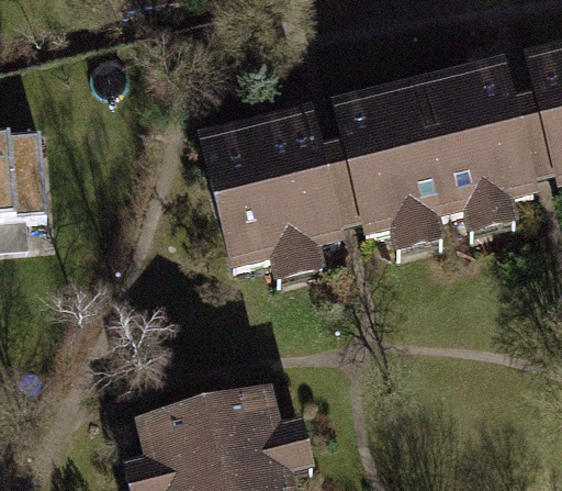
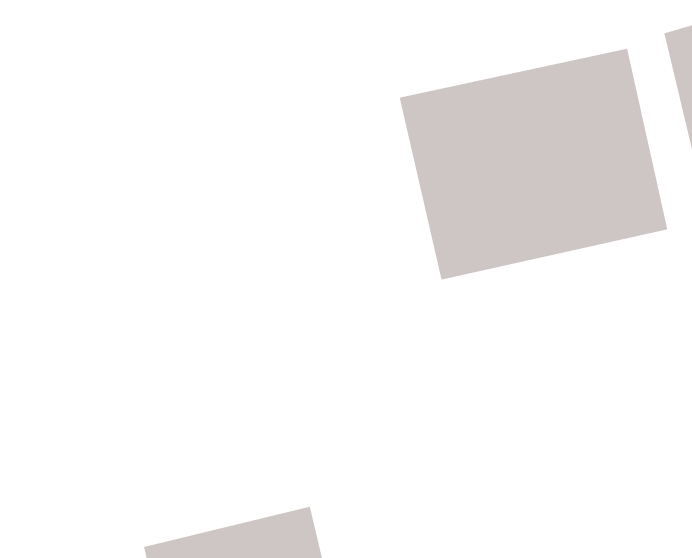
building: [200,114,346,282] -> none

